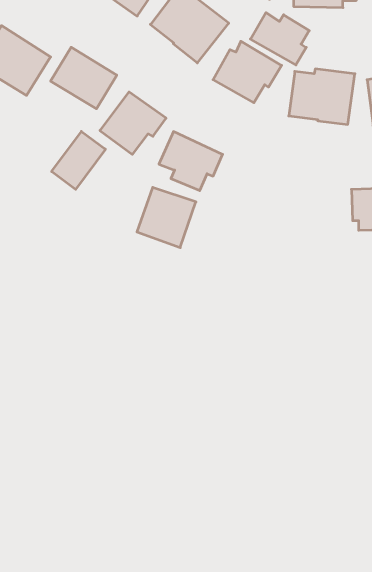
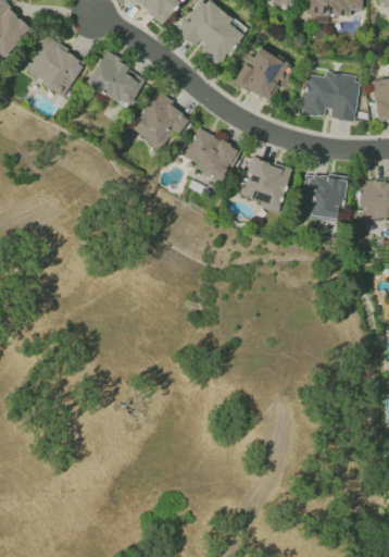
building: [250,13,309,65] -> none
building: [52,131,105,189] -> none
building: none -> [303,174,347,219]
building: [137,187,196,248] -> [239,157,292,211]

